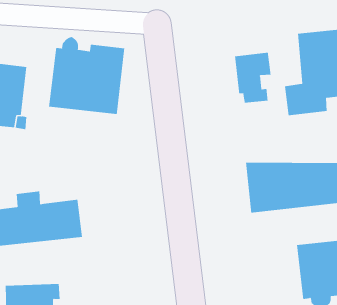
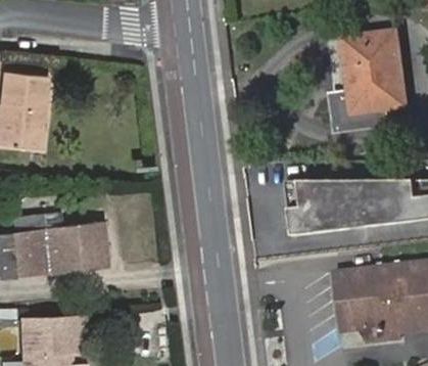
building: [48,36,125,115] -> none
building: [235,52,271,104] -> none

